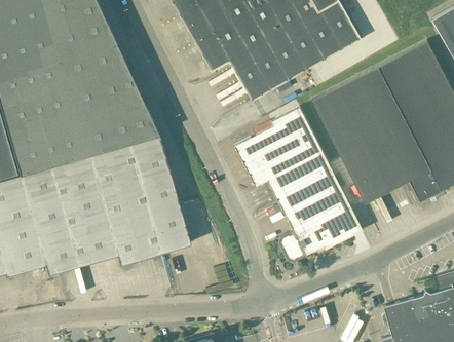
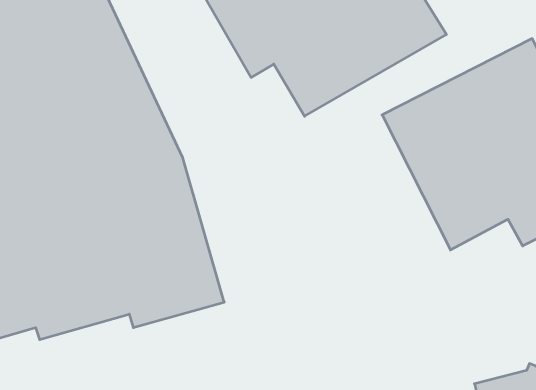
building: [233,107,362,263] -> none

